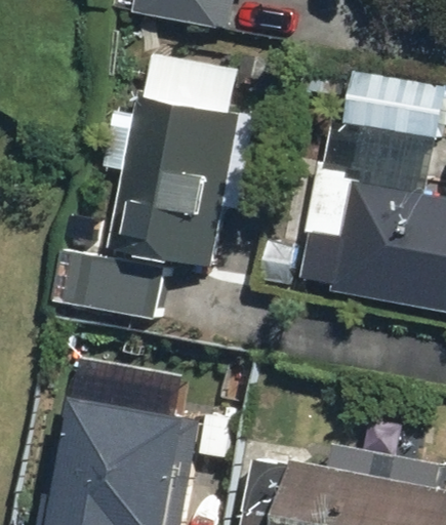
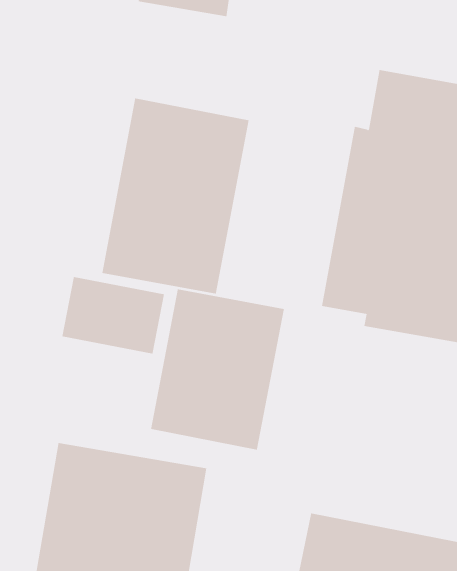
building: none -> [150,289,285,450]

